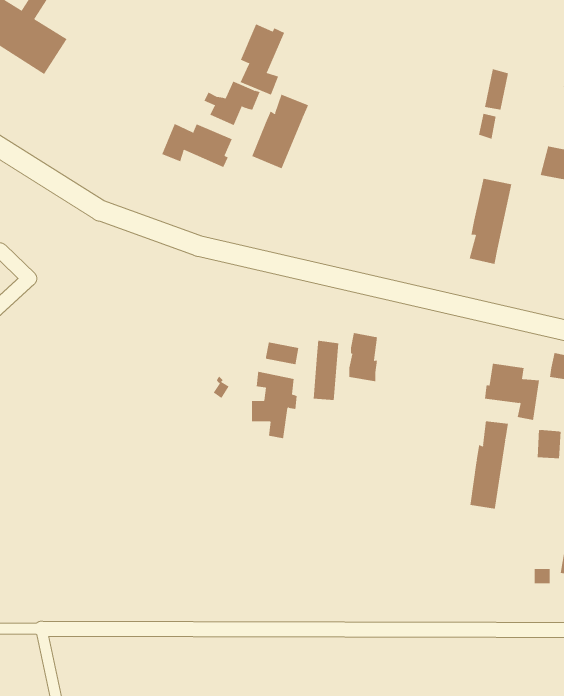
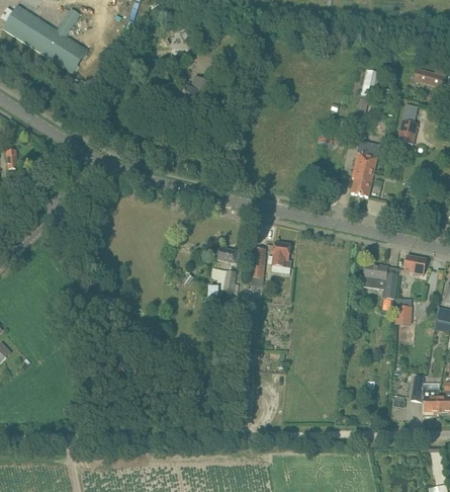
building: [240,23,285,96] -> none
building: [251,94,309,169] -> none
building: [161,123,233,168] -> none
building: [470,420,508,510] -> none

